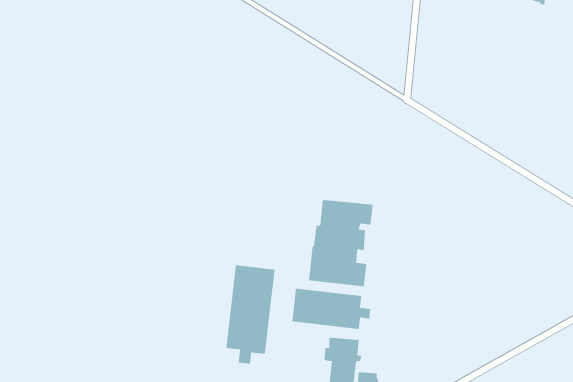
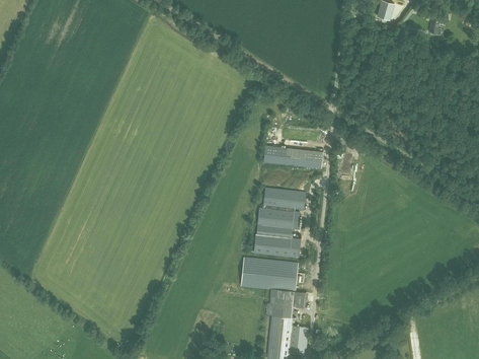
building: none -> [262,145,322,167]
building: [226,264,275,364] -> none

